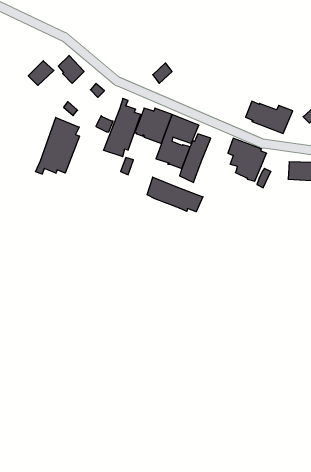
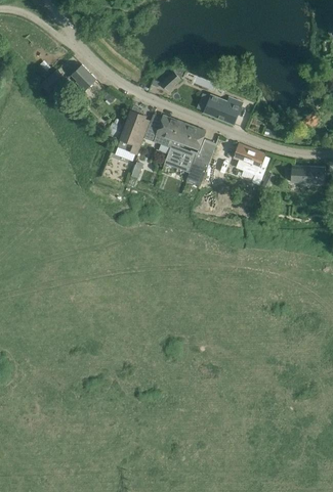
building: [246,101,293,133] -> [197,93,242,124]
building: [35,117,79,174] -> none
building: [147,177,203,212] -> none

